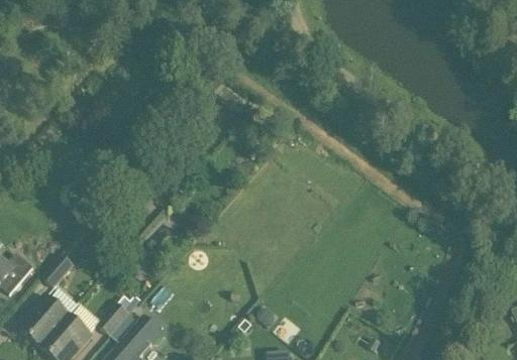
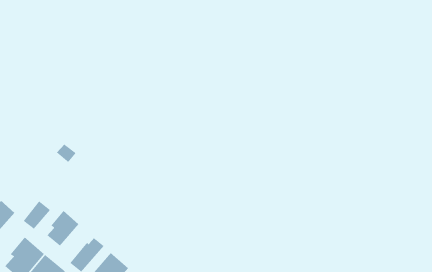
building: none -> [47,210,79,246]

